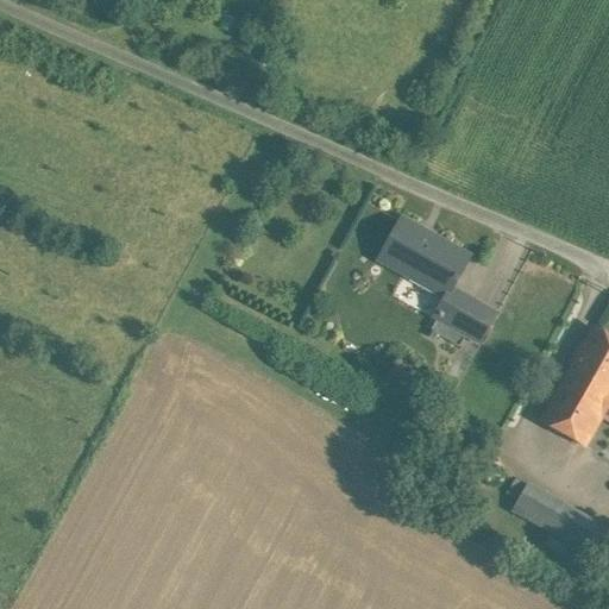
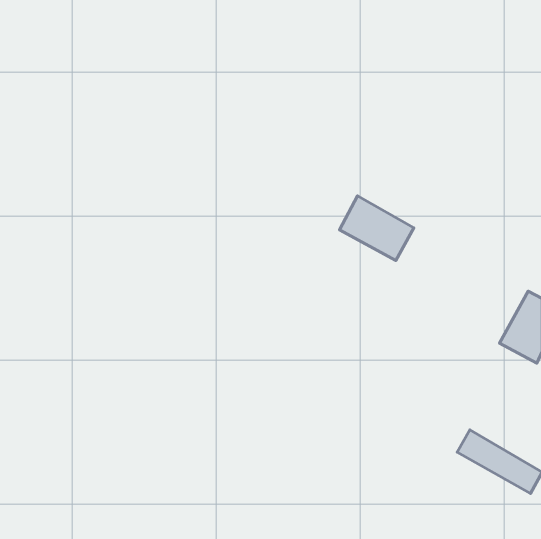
building: [433,288,497,343] -> none
building: [542,385,603,442] -> none

